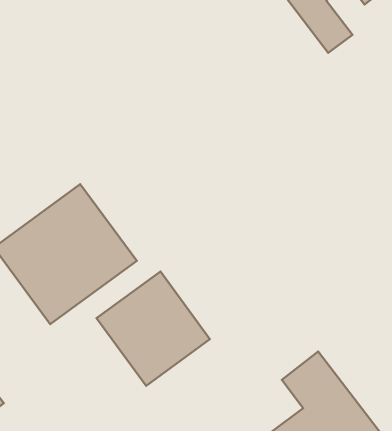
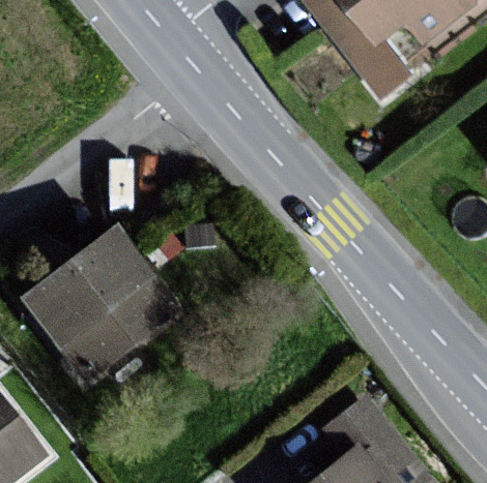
building: [96,272,210,386] -> none

